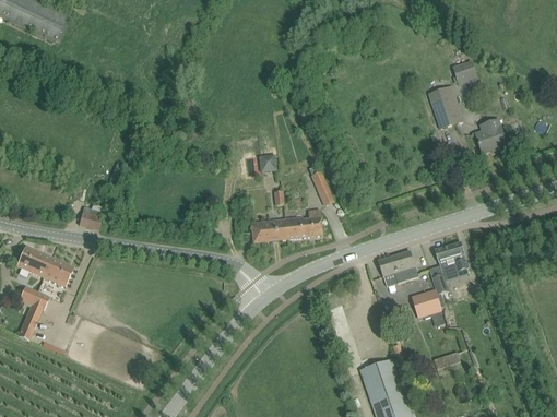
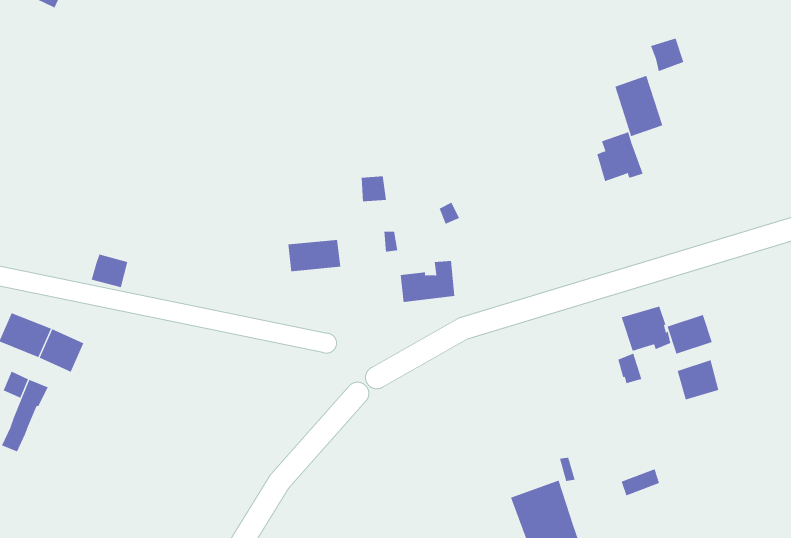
building: [475,118,507,152] -> [596,131,644,182]
building: [251,221,287,242] -> [287,239,341,272]
building: none -> [667,314,713,355]
building: [377,250,417,283] -> none
building: [412,289,440,317] -> [677,359,719,400]

